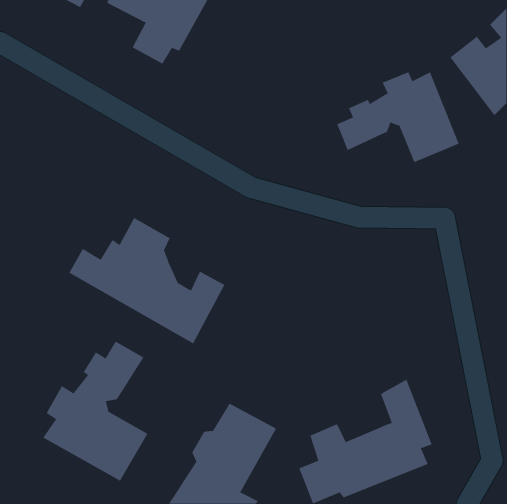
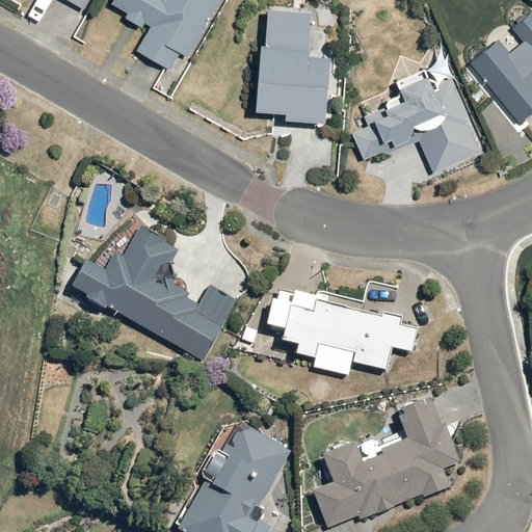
building: none -> [256,6,330,121]
building: none -> [277,293,423,381]
building: [43,341,148,482] -> none

